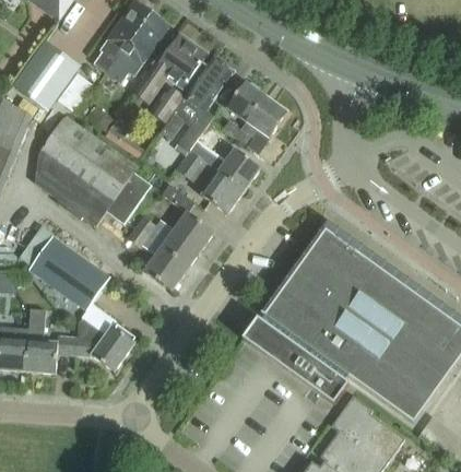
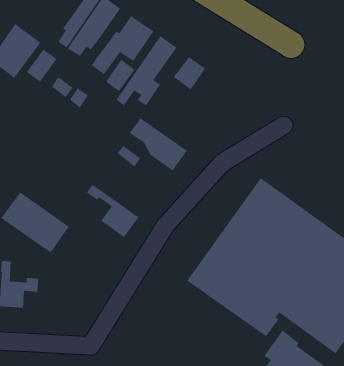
building: [235,96,286,145] -> none
building: [35,116,151,226] -> none
building: [189,139,259,190] -> none
building: [134,212,213,267] -> none
building: [75,318,134,370] -> none

